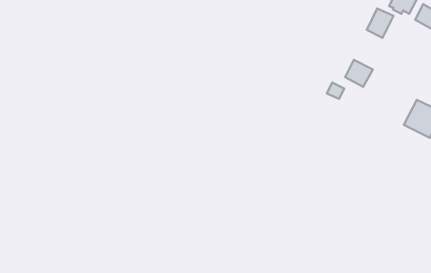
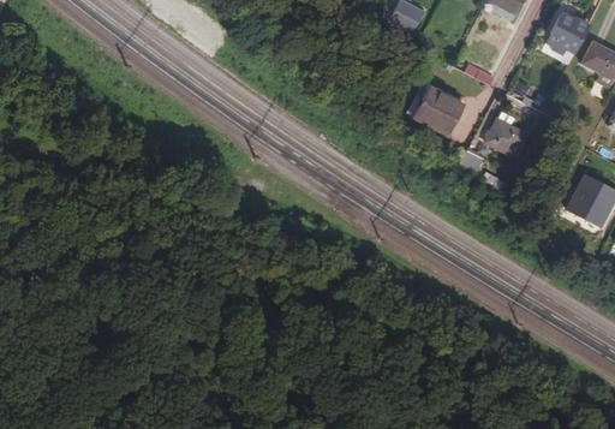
building: [367,9,393,38] -> none
building: none -> [413,87,464,135]

